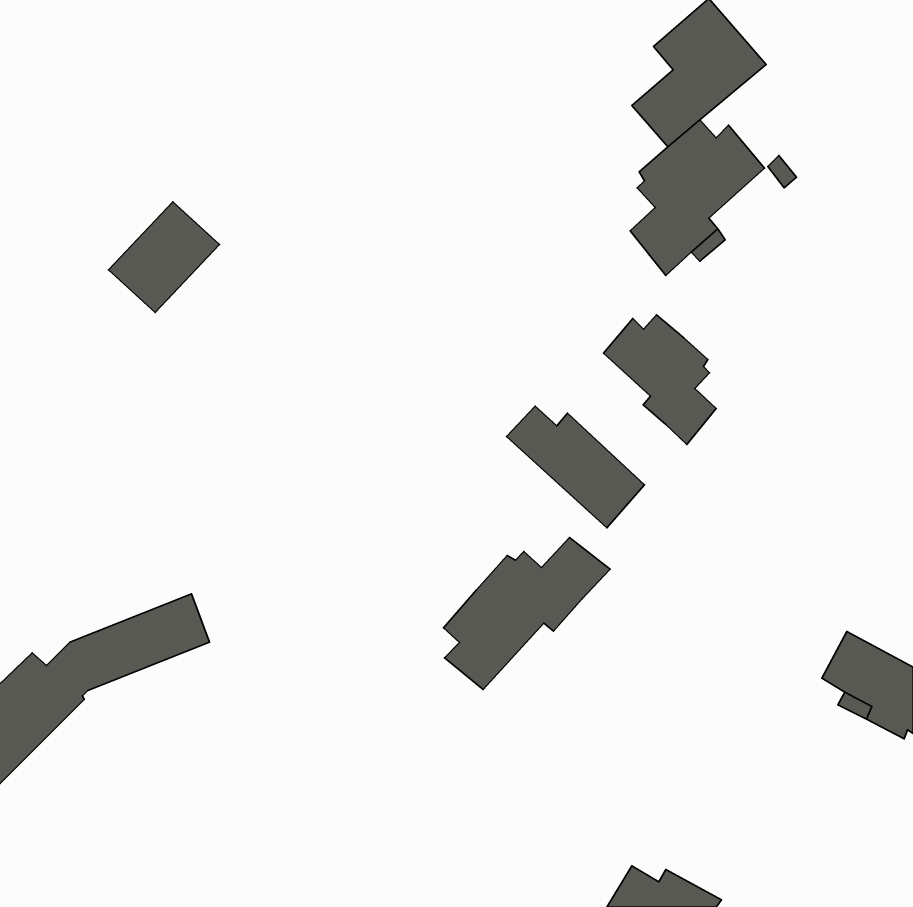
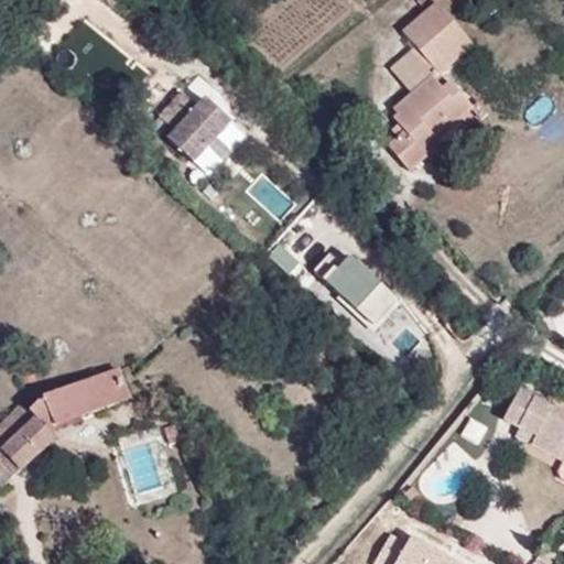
building: [108,202,219,313] -> [167,96,236,164]
building: [604,315,716,445] -> none
building: [443,537,610,690] -> none

